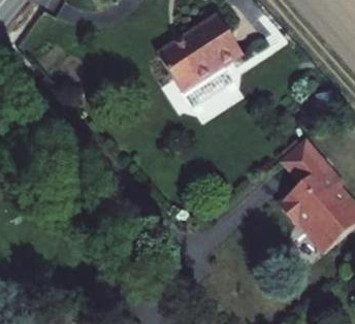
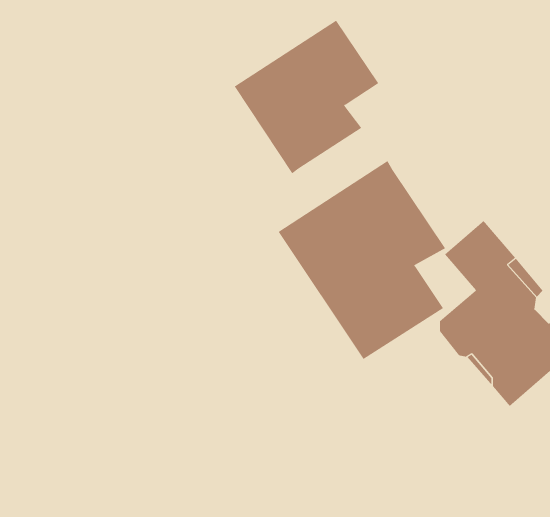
building: none -> [278,160,446,360]

